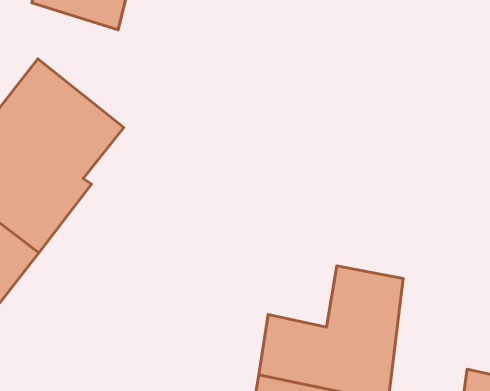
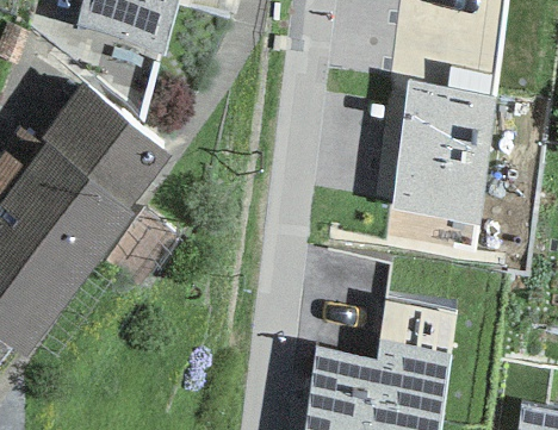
building: none -> [391,81,495,225]

